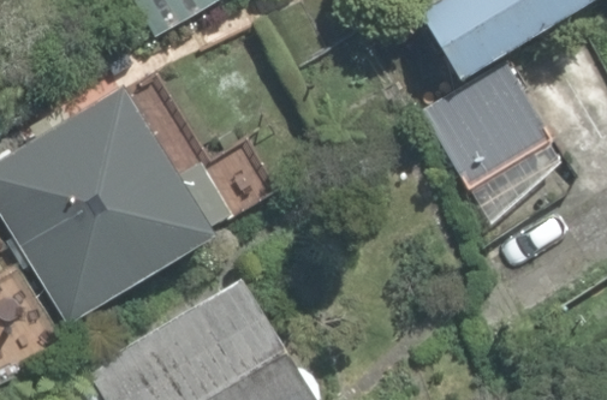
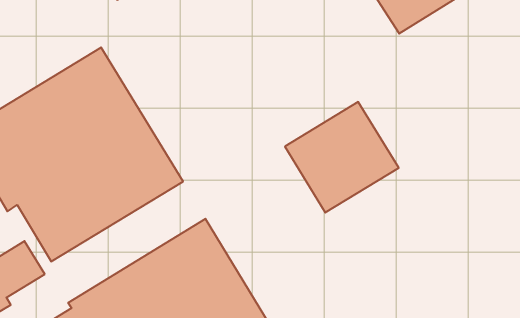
building: [423,56,552,181] -> [285,102,399,213]

